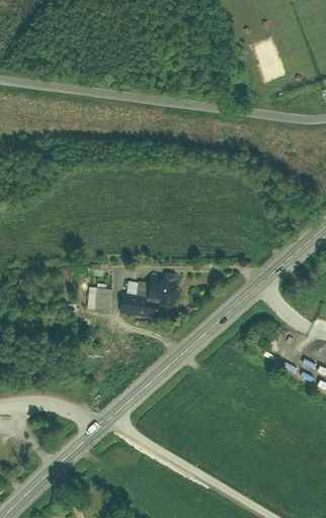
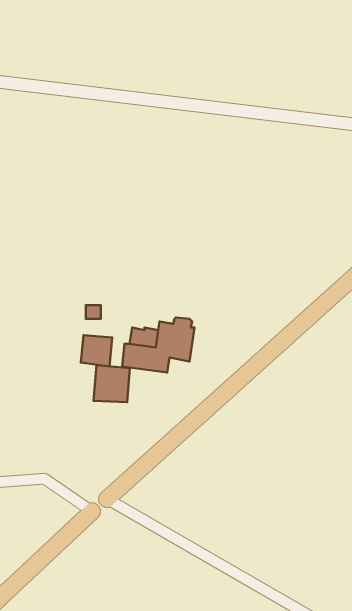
building: none -> [93,365,130,402]

